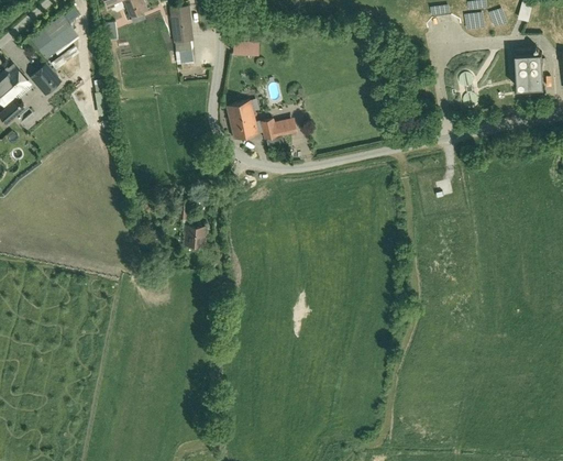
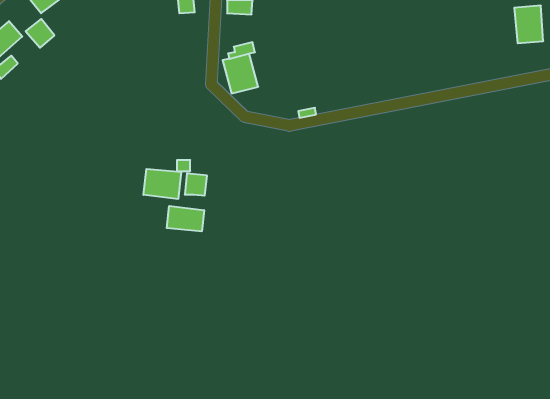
building: [263,118,296,140] -> none
building: none -> [143,169,181,199]
building: none -> [167,206,204,231]

